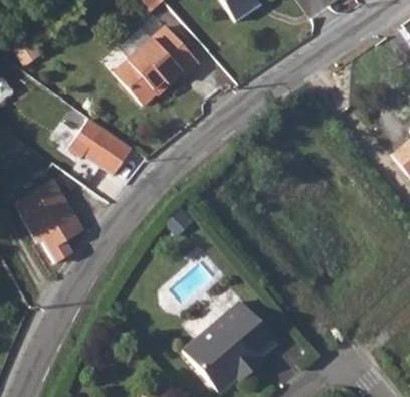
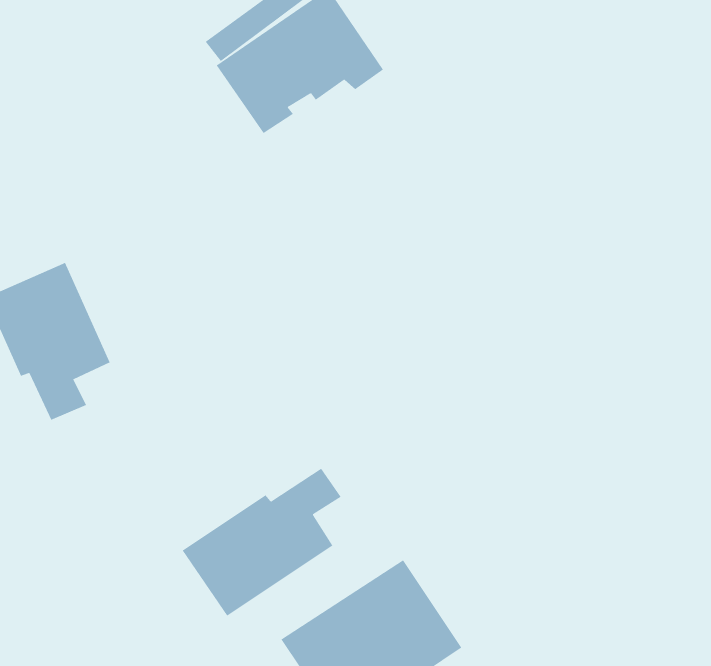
building: [69,115,131,172] -> none
building: none -> [182,468,342,616]

